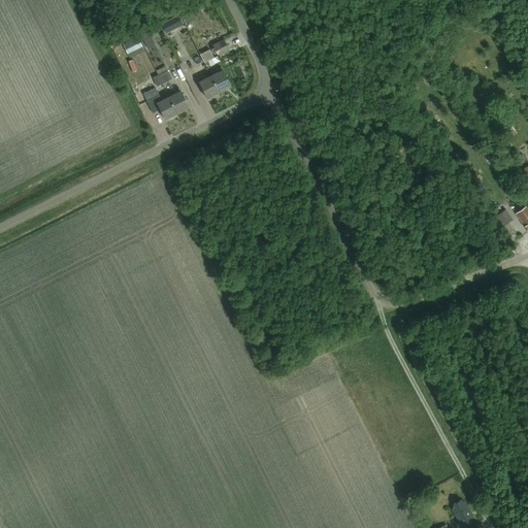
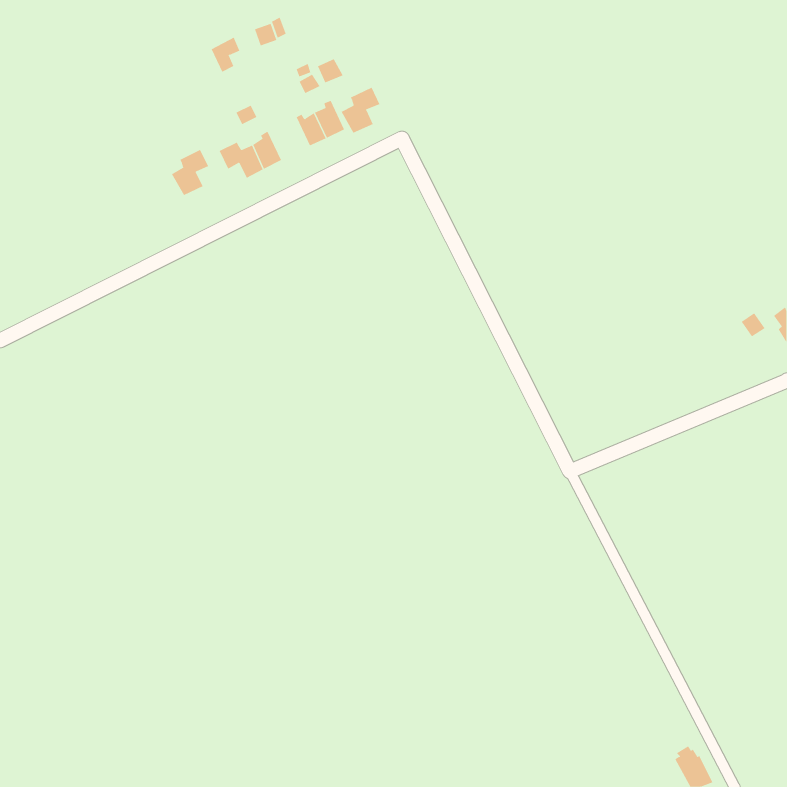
building: none -> [341,87,380,133]
building: none -> [171,149,209,196]

